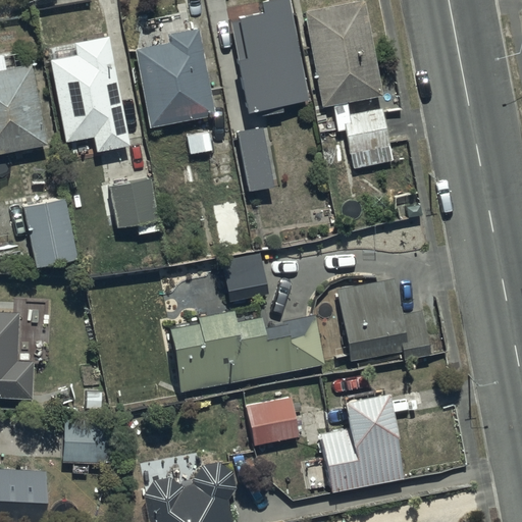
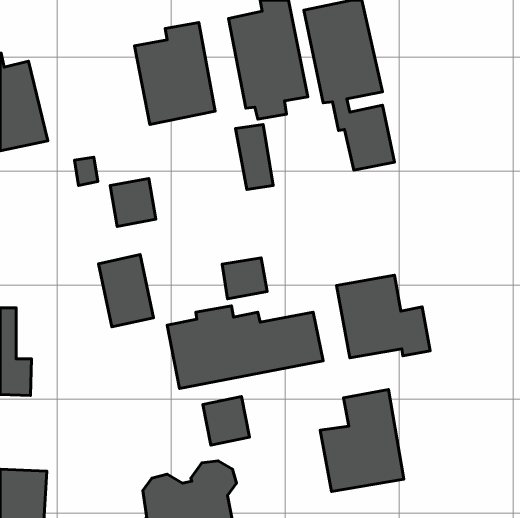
building: [50,39,130,153] -> none
building: [21,197,76,269] -> [98,255,154,327]
building: [253,400,300,449] -> [203,396,250,445]
building: [61,418,106,466] -> none

